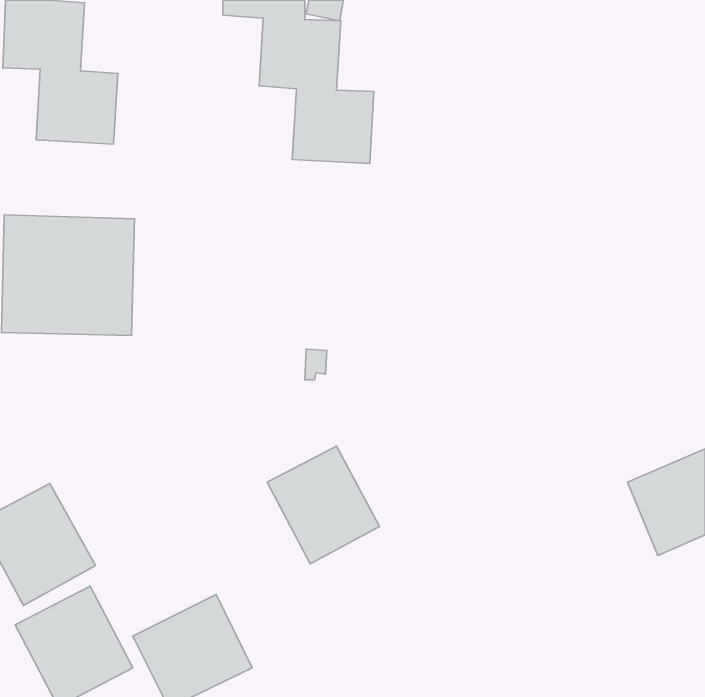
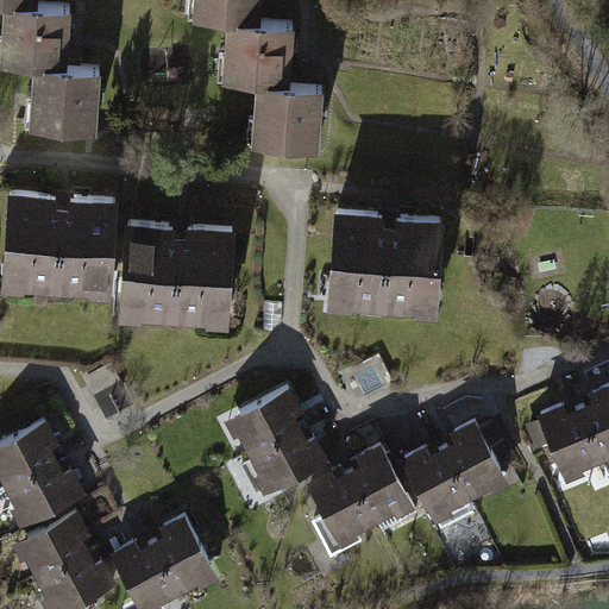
building: none -> [328,214,444,316]
building: none -> [117,222,234,329]
building: none -> [402,429,506,527]
building: none -> [309,457,407,547]

